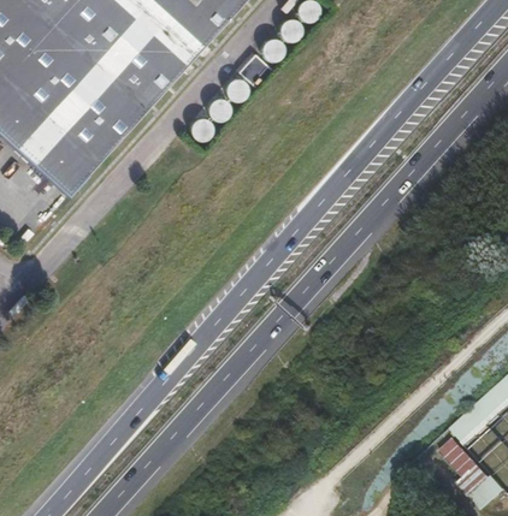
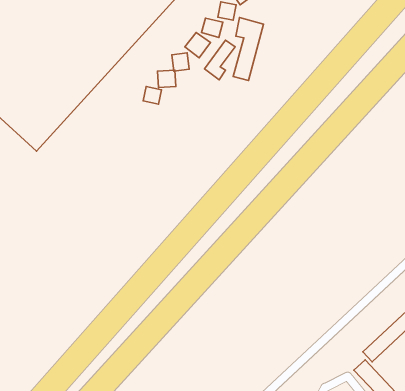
building: none -> [233,18,264,80]
building: none -> [204,40,235,80]

